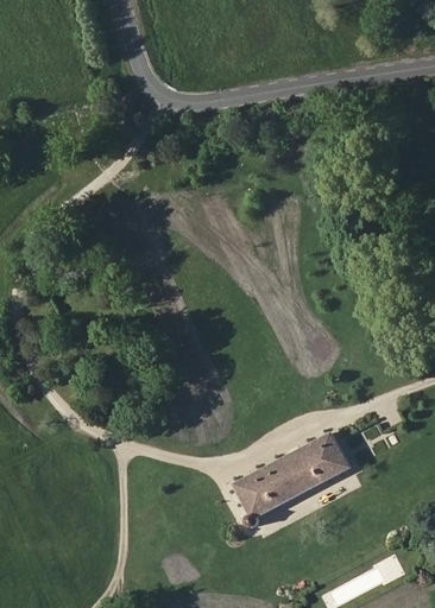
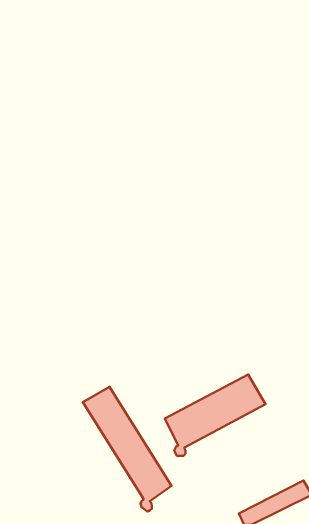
building: none -> [83,387,171,512]

